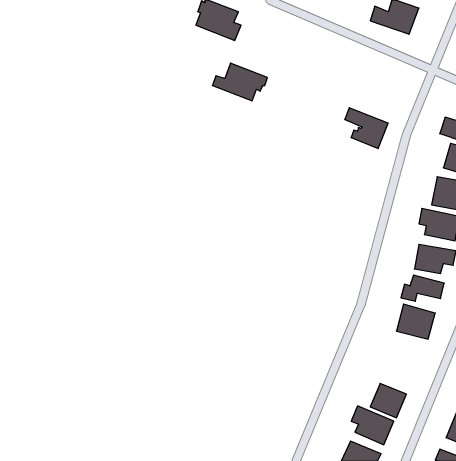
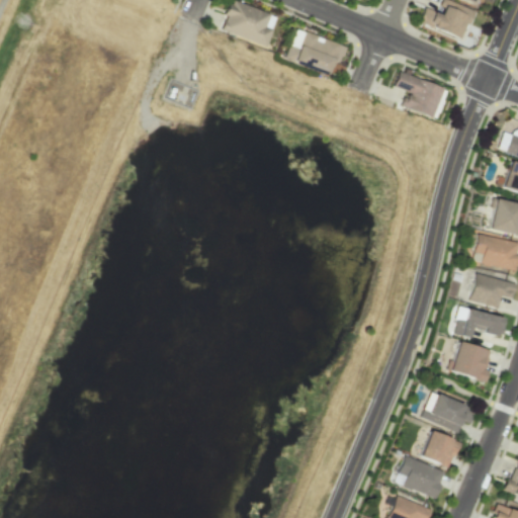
building: [212,63,267,101] -> [288,30,350,73]
building: [345,108,388,148] -> [397,71,445,116]
building: none -> [422,393,468,432]

